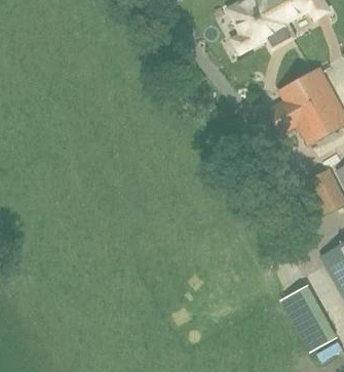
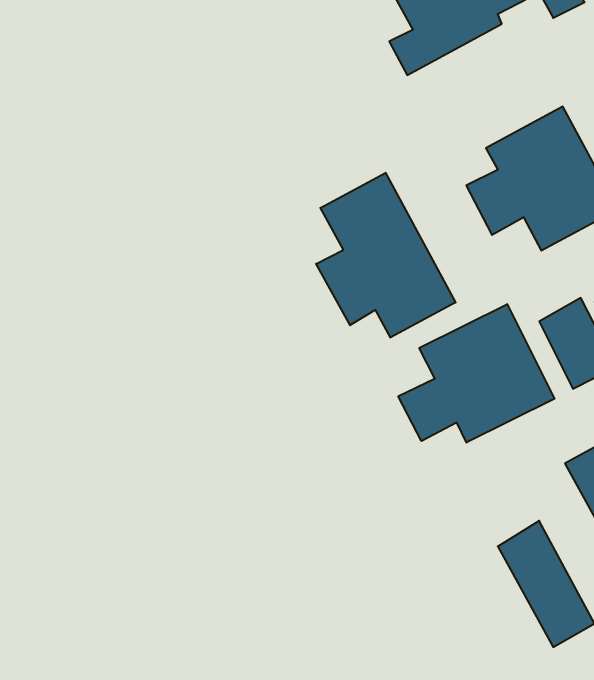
building: none -> [316,173,456,338]
building: none -> [398,304,555,443]

